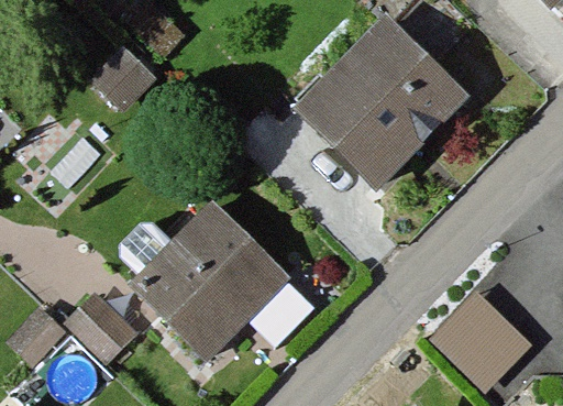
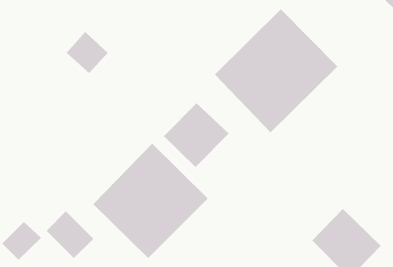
building: none -> [163,103,230,168]

